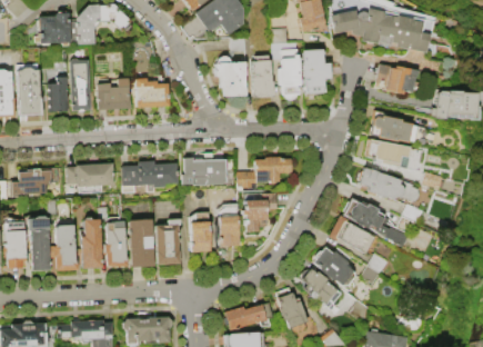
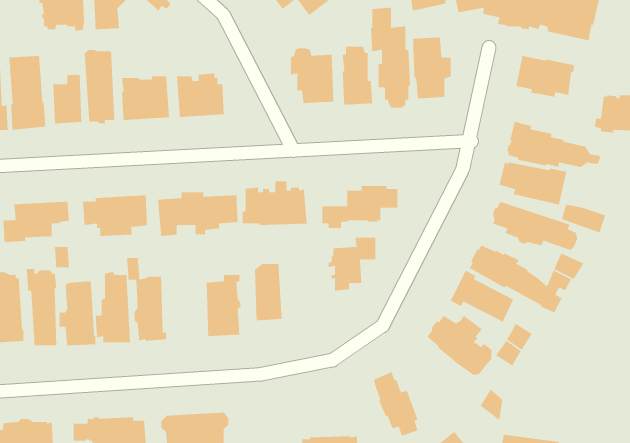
building: [218,206,240,246] -> none
building: [129,219,154,267] -> none
building: [301,269,341,308] -> none
building: [224,304,273,331] -> none

